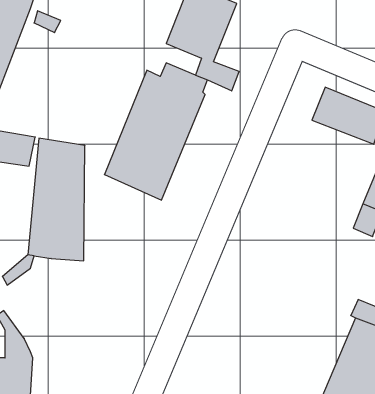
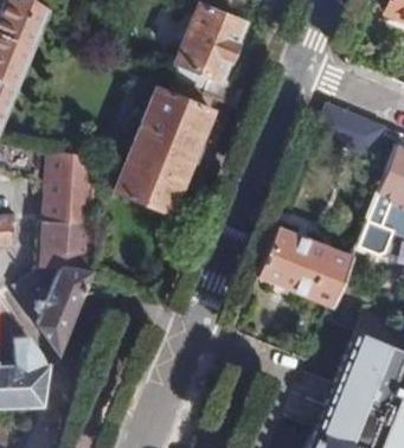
building: none -> [257,226,352,306]
building: none -> [34,271,92,358]

